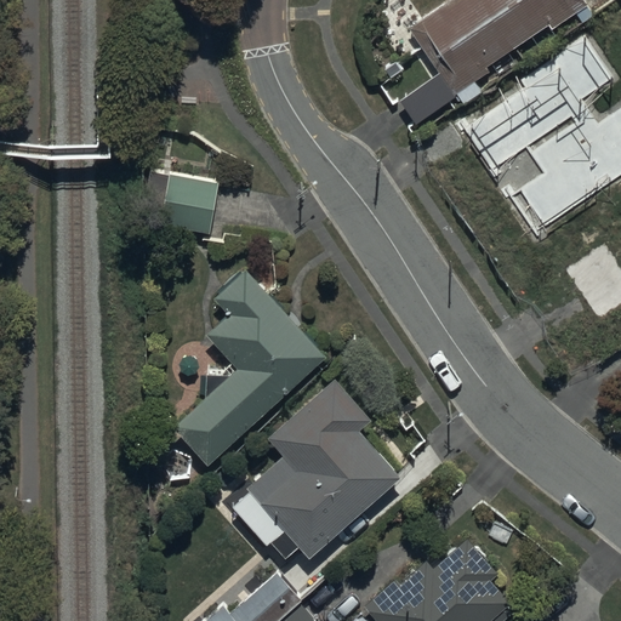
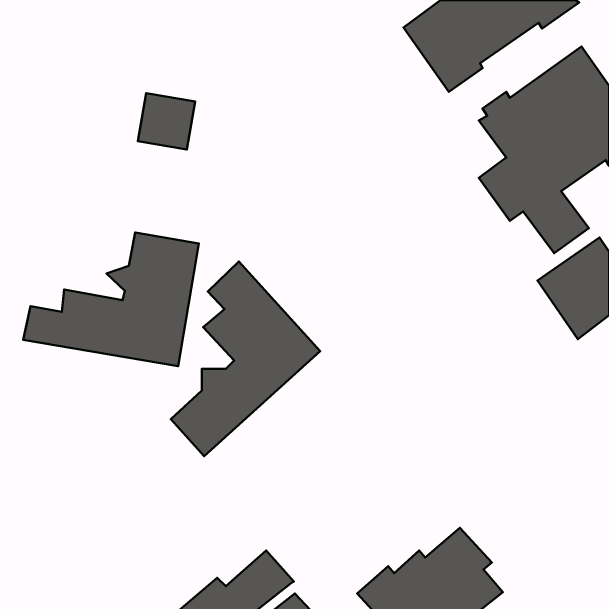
building: [160,175,218,232] -> [138,93,195,149]
building: none -> [23,233,199,366]
building: [247,378,400,559] -> none

